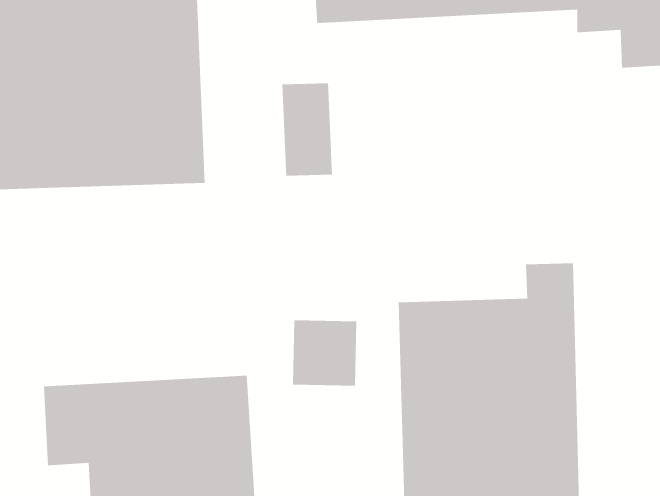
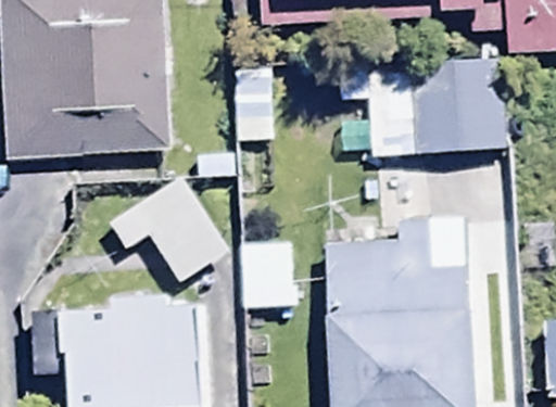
building: none -> [337,49,509,154]
building: none -> [106,169,239,289]

